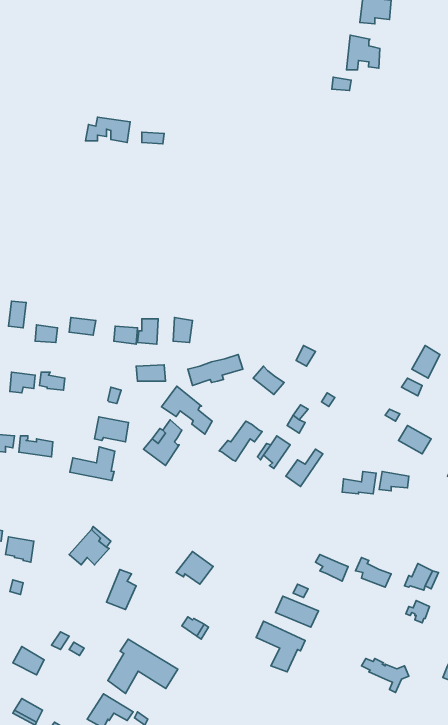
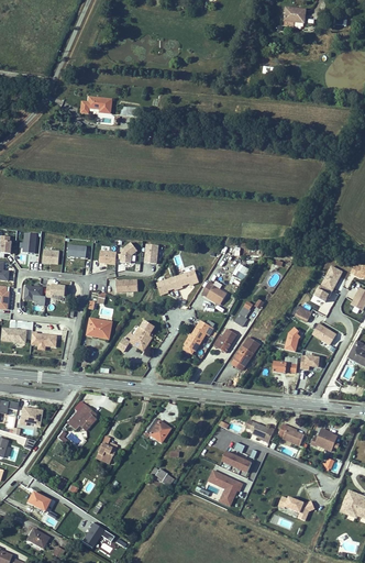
building: [347,35,380,70] -> none
building: [162,386,212,434] -> none
building: [70,447,115,481] -> none
building: [108,639,178,693] -> none

